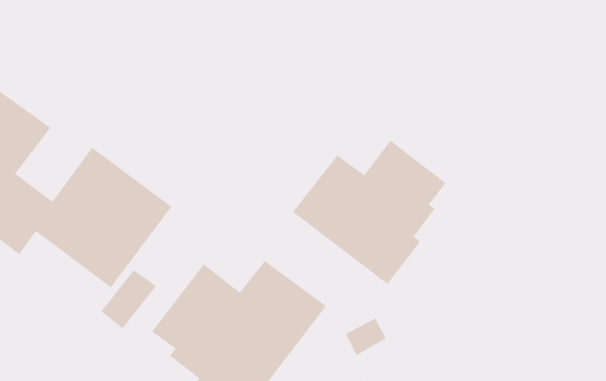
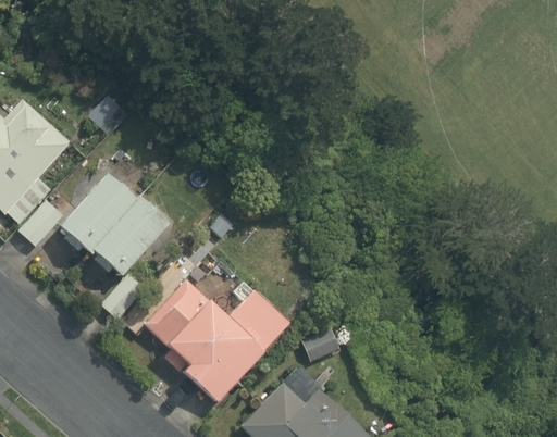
building: [292,140,447,285] -> none

